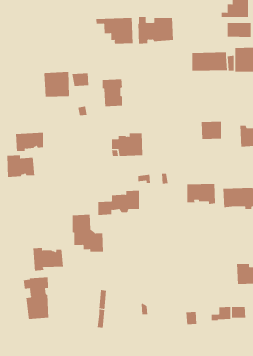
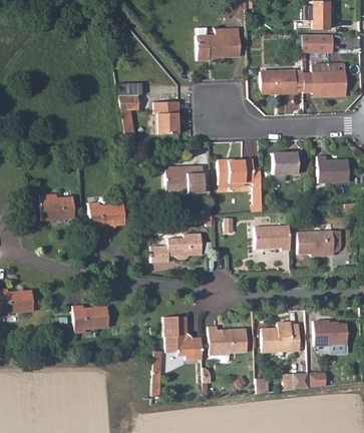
building: [96,17,133,45] -> none
building: [44,71,70,97] -> none
building: none -> [218,159,262,204]
building: [15,132,44,152] -> [90,204,124,228]
building: [72,214,104,252] -> [162,315,201,360]
building: none -> [261,322,300,352]
building: none -> [207,326,246,362]
building: [23,276,49,320] -> none

